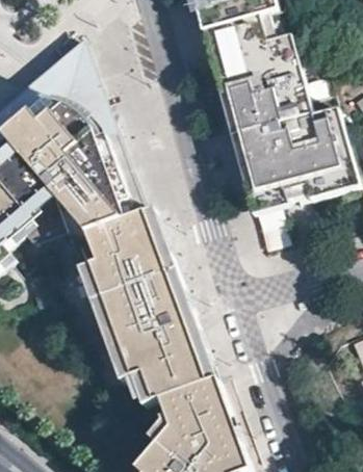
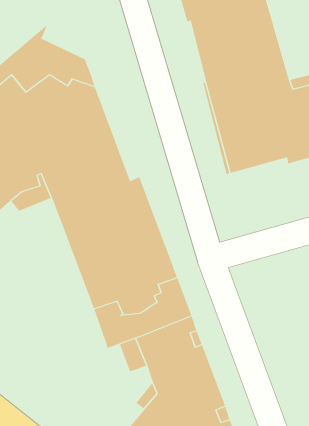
building: [61,40,105,93] -> none

